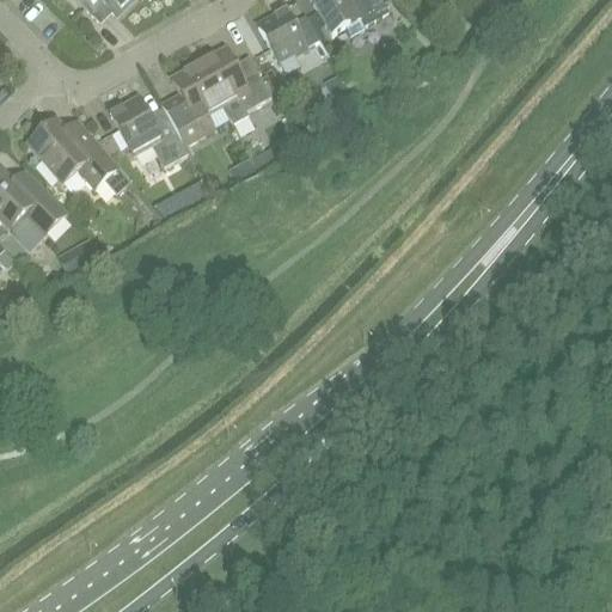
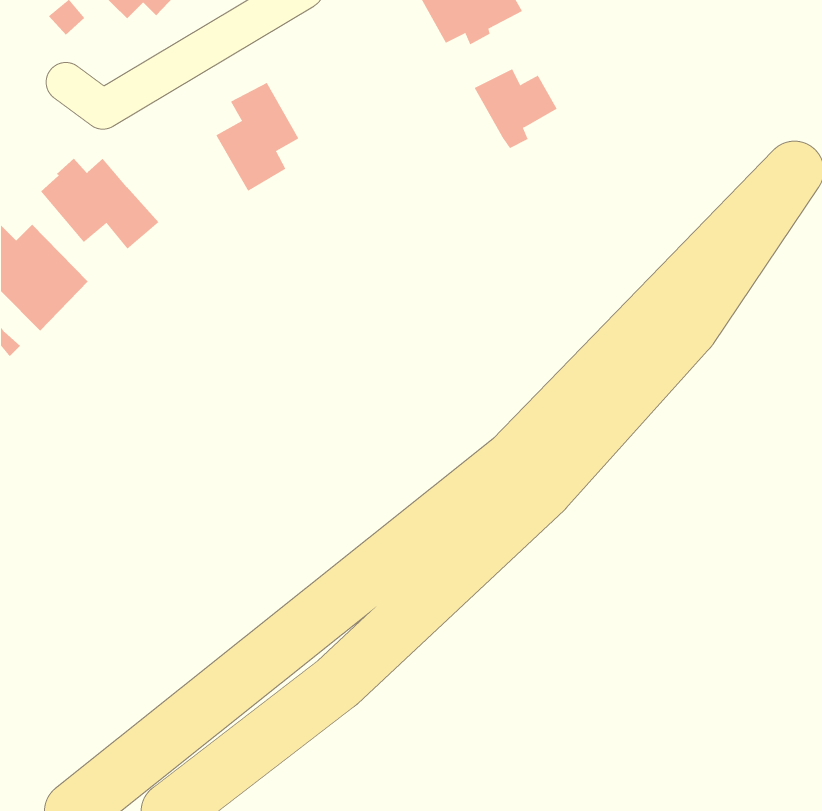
building: [257,7,319,67] -> [474,68,558,149]
building: [198,45,271,121] -> none
building: [110,94,188,164] -> none

